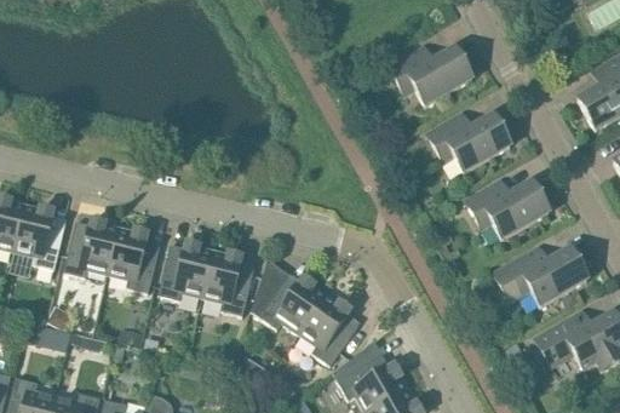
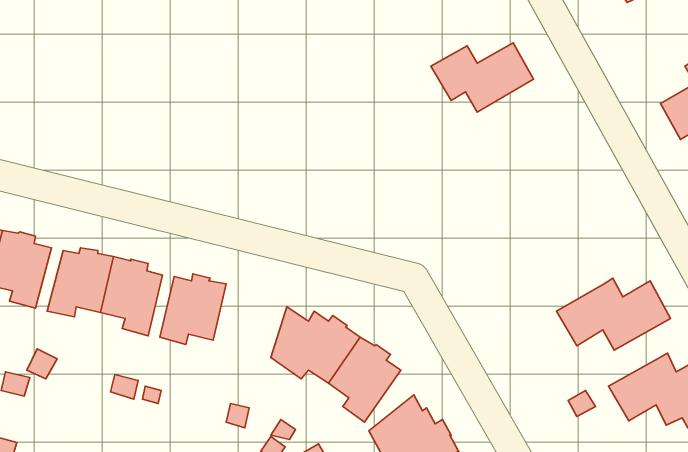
building: [425,113,511,171] -> none
building: [465,179,549,237] -> none
building: [203,248,256,315] -> none

